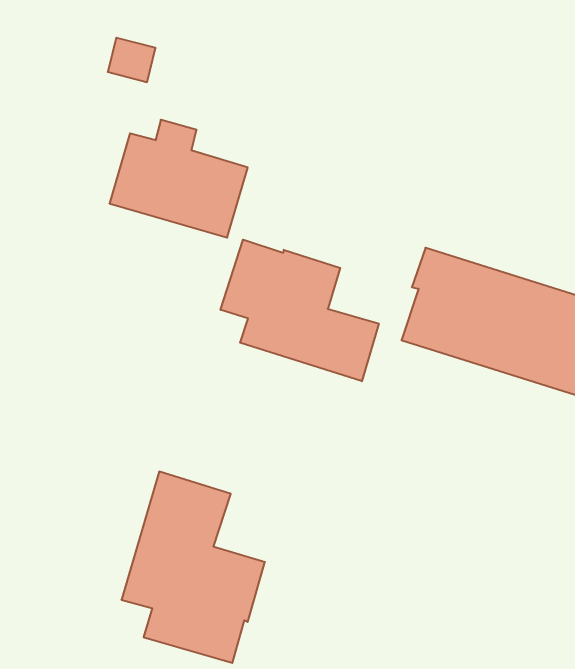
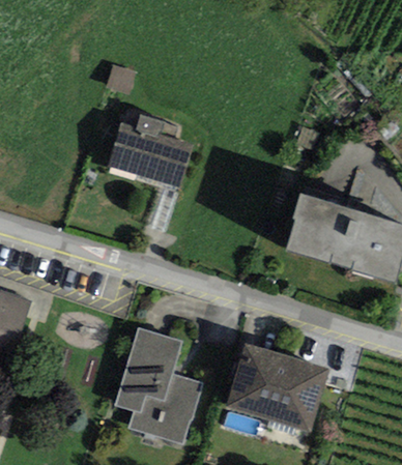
building: [221,240,379,381] -> none
building: none -> [225,344,327,432]

